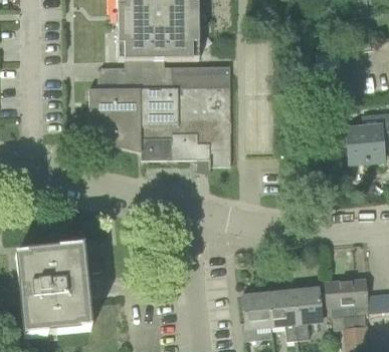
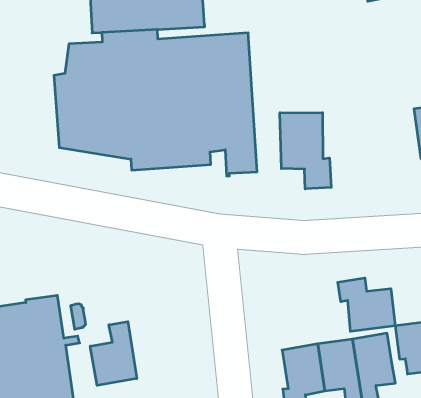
building: none -> [280,113,331,189]
building: none -> [338,278,395,331]
building: none -> [90,322,137,385]

